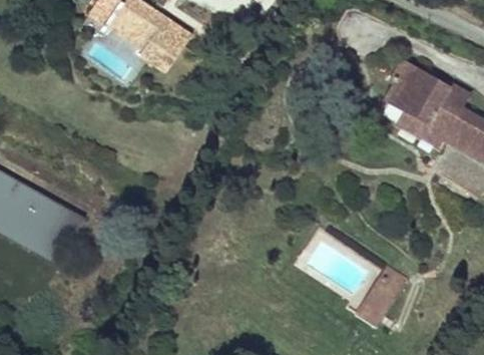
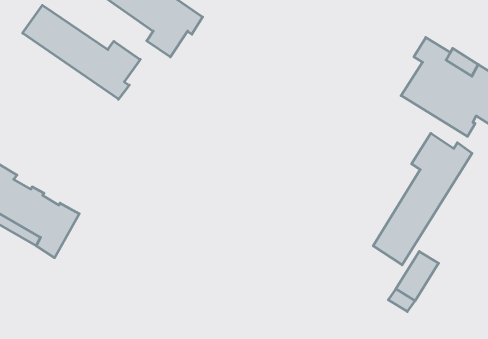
building: none -> [23,5,140,99]
building: none -> [373,133,472,265]

